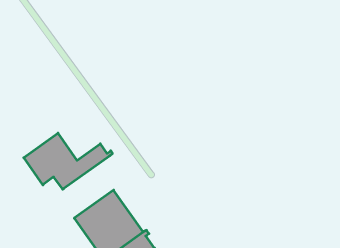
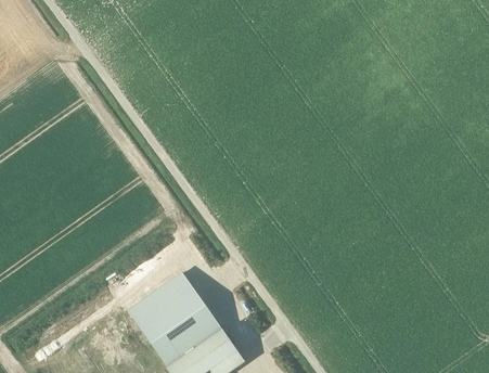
building: [24,133,112,189] -> none

